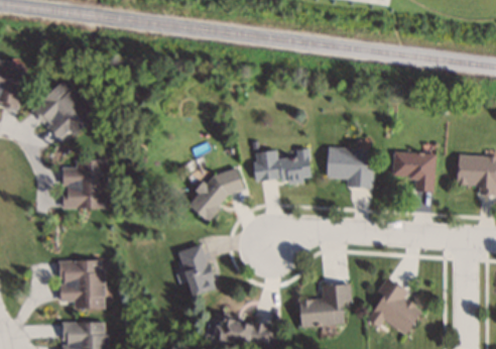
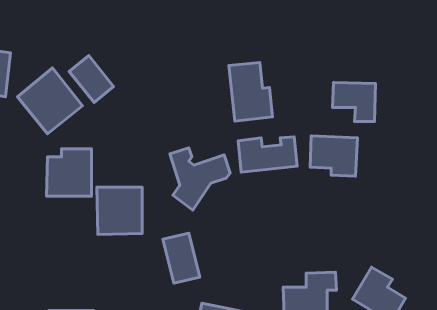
building: none -> [69,55,114,103]
building: none -> [229,63,273,121]
building: [392,152,436,192] -> [332,82,376,121]
building: [58,261,104,309] -> [97,187,142,234]

